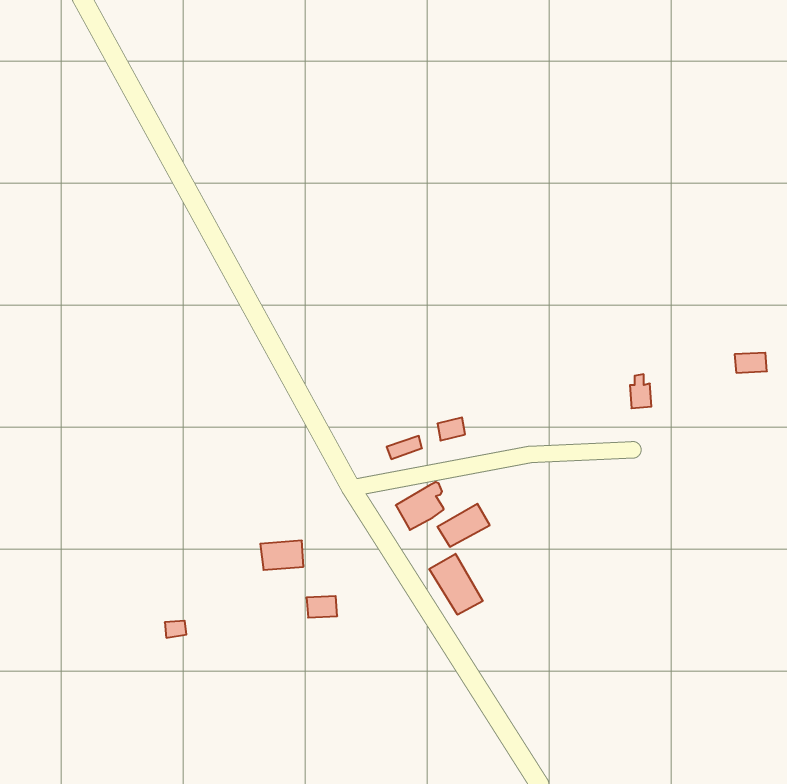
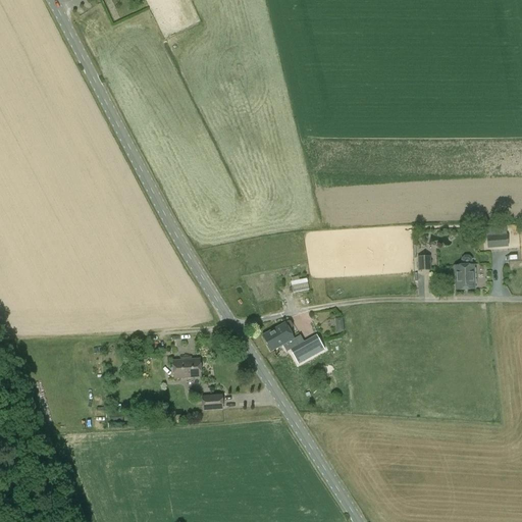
building: none -> [455,254,474,289]
building: [429,554,483,615] -> none

